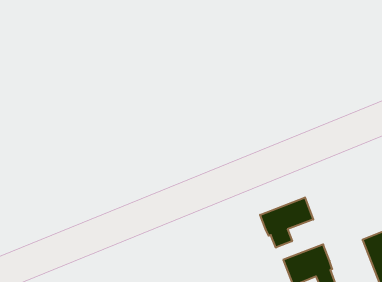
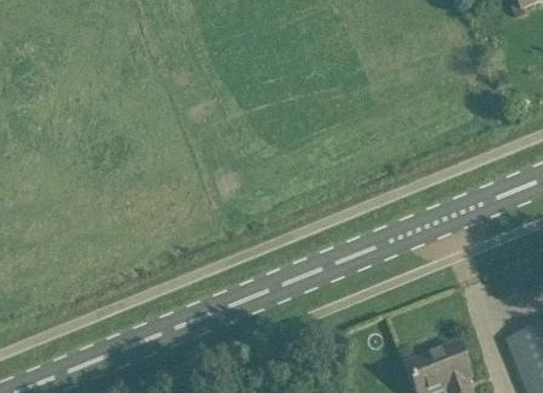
building: [260,197,313,248] -> none

